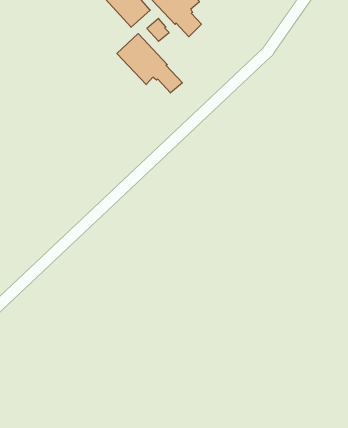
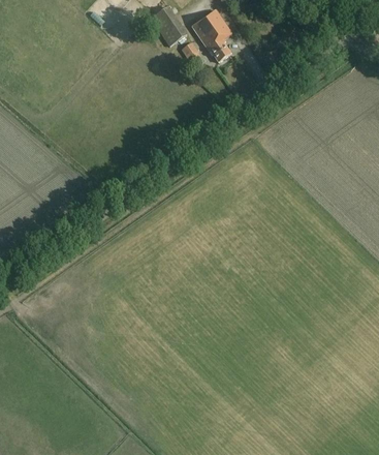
building: [117,34,182,93] -> none

